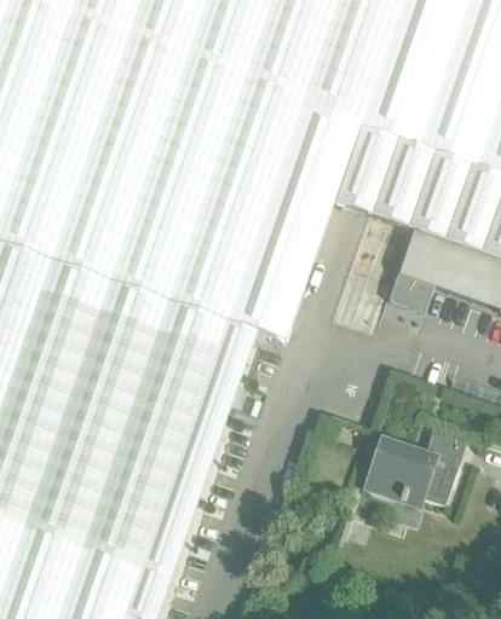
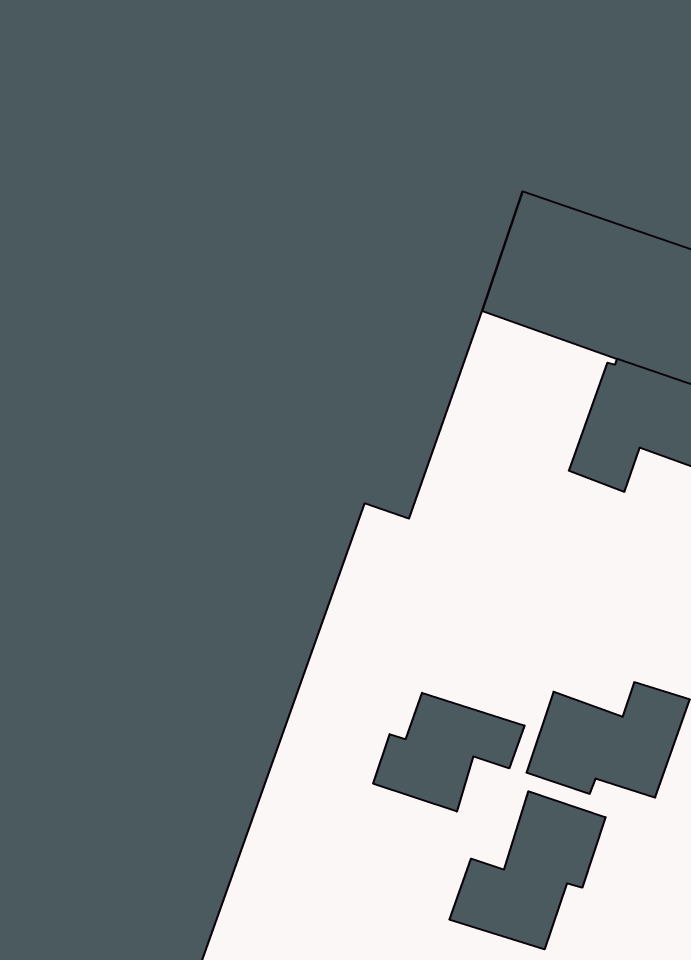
building: none -> [373,693,525,812]
building: none -> [449,791,606,949]

